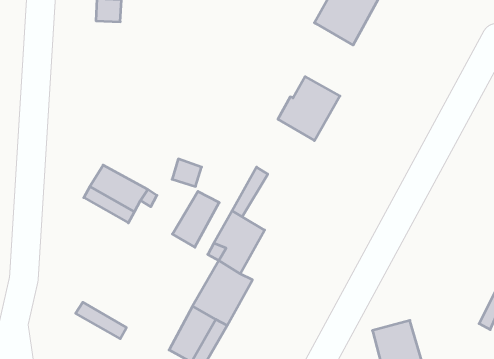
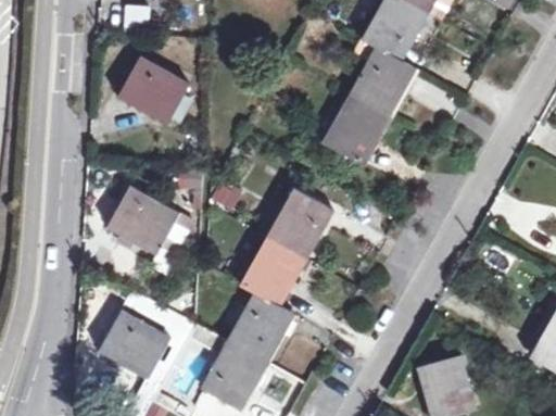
building: none -> [350,38,413,115]
building: none -> [118,56,189,125]
building: [172,191,219,247] -> [282,199,332,259]
building: none -> [112,312,173,363]

